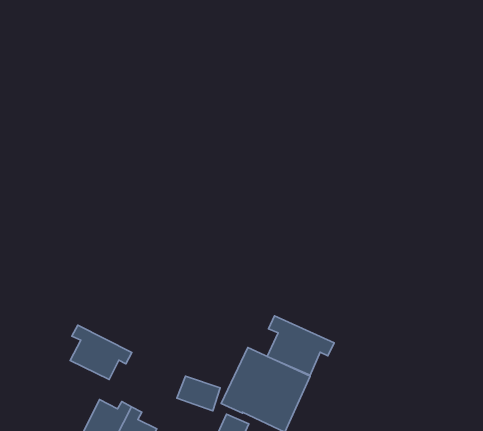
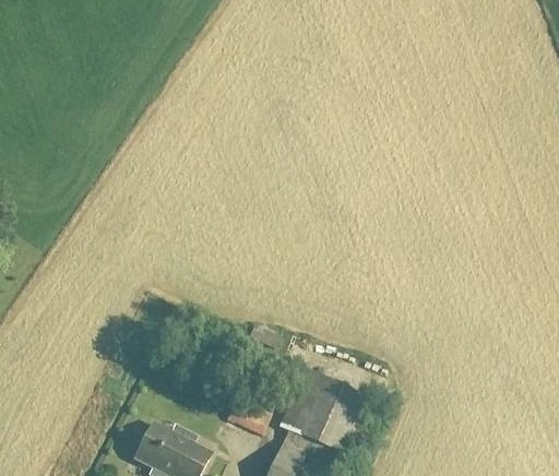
building: [267,316,334,375] -> none
building: [70,325,132,380] -> none

